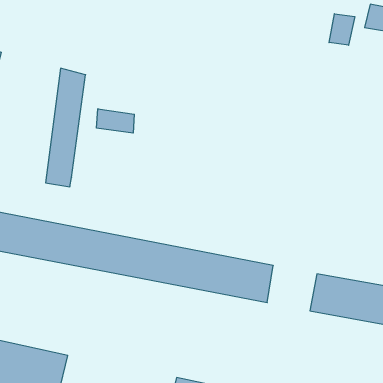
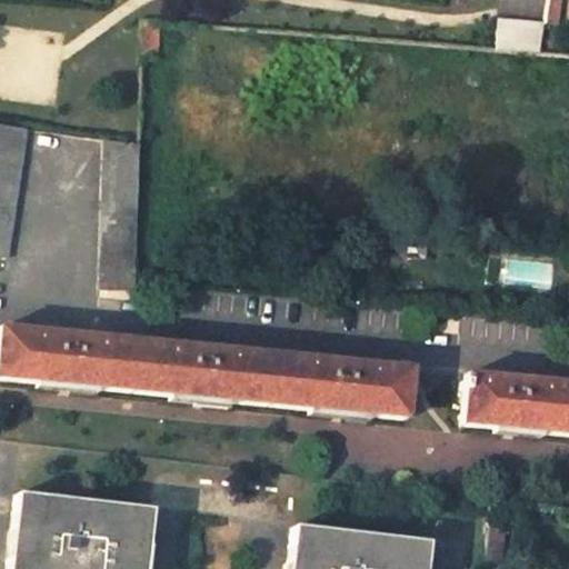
building: [329,14,355,45] -> none
building: [97,109,134,133] -> none

